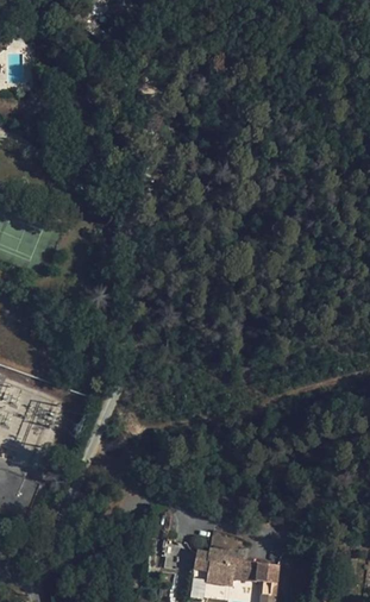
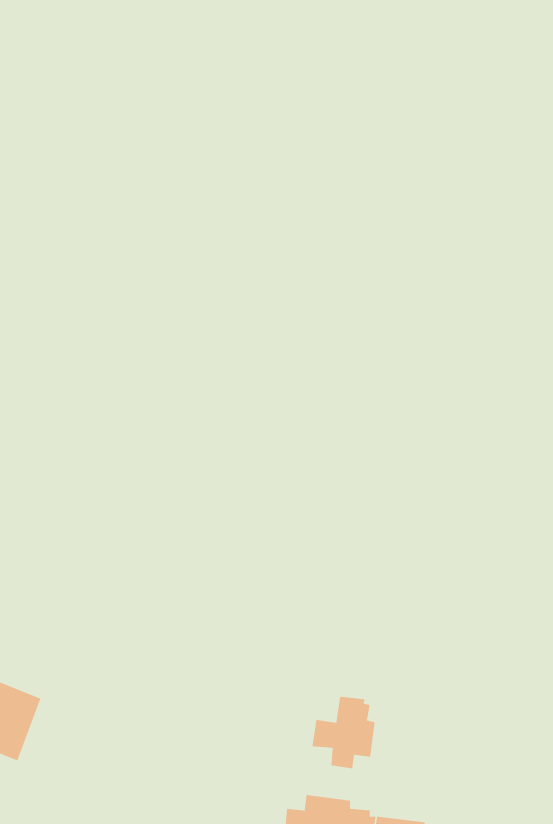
building: none -> [312,696,375,769]

